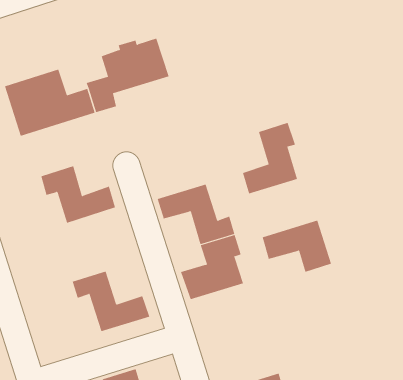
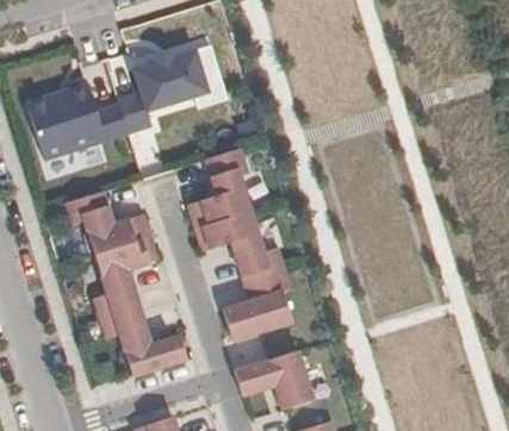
building: [242,122,298,194] -> [188,149,250,229]
building: none -> [95,238,157,320]
building: [262,220,332,272] -> [235,351,312,410]

